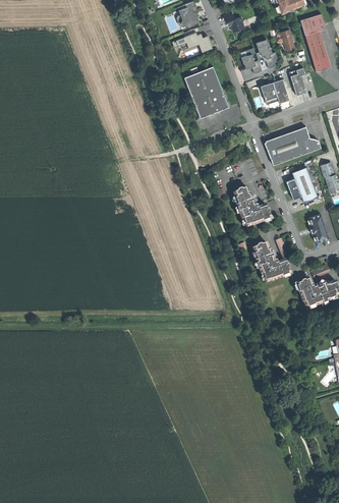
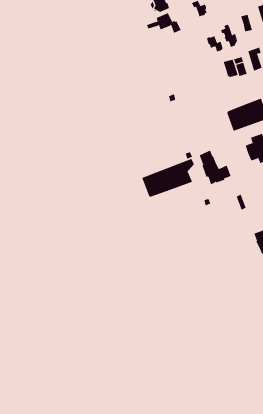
building: [184,66,229,118] -> none
building: none -> [141,158,194,198]
building: [252,241,290,282] -> none

